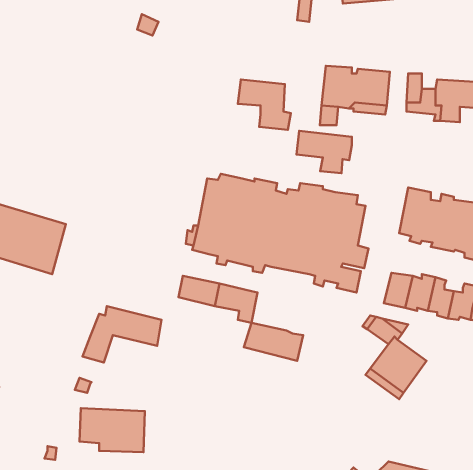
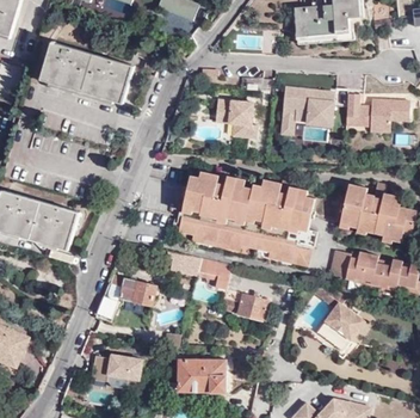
building: none -> [41,43,134,106]
building: [296,131,352,173] -> none
building: none -> [178,358,226,392]

